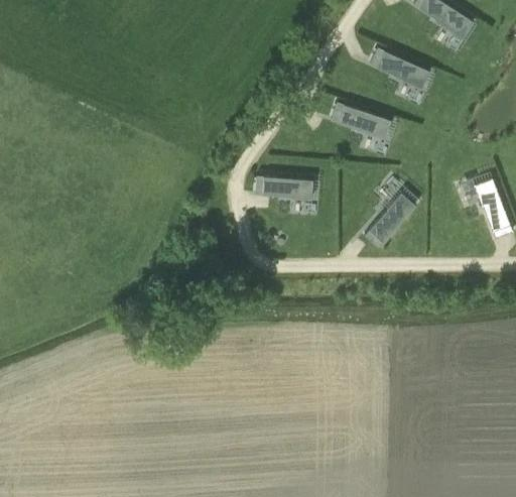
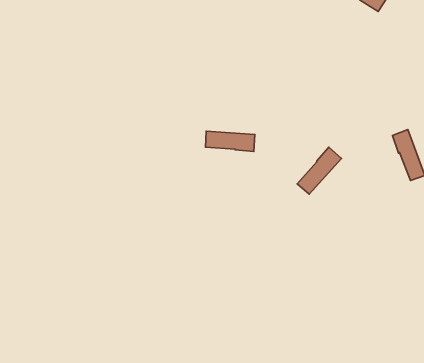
building: [370,47,429,88] -> none
building: [329,101,389,137] -> none

